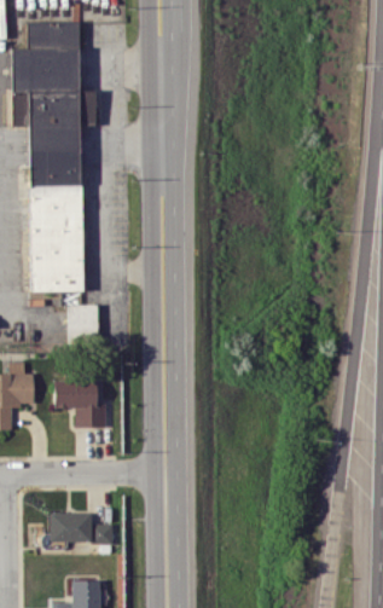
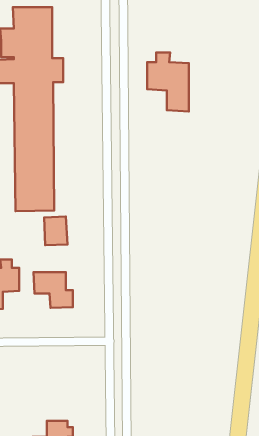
building: none -> [147,53,189,111]
building: [50,513,114,543] -> none

